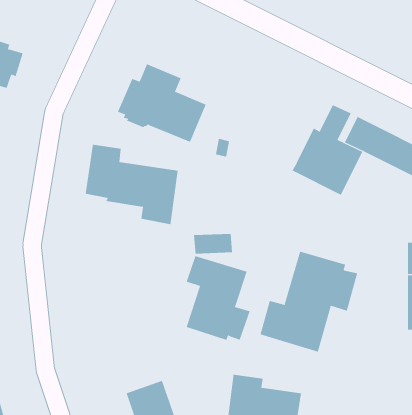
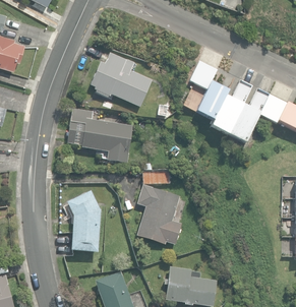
building: none -> [189,62,228,122]
building: [260,251,358,353] -> none
building: none -> [67,191,101,253]

